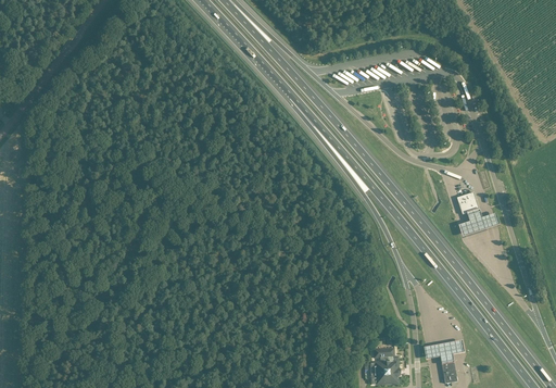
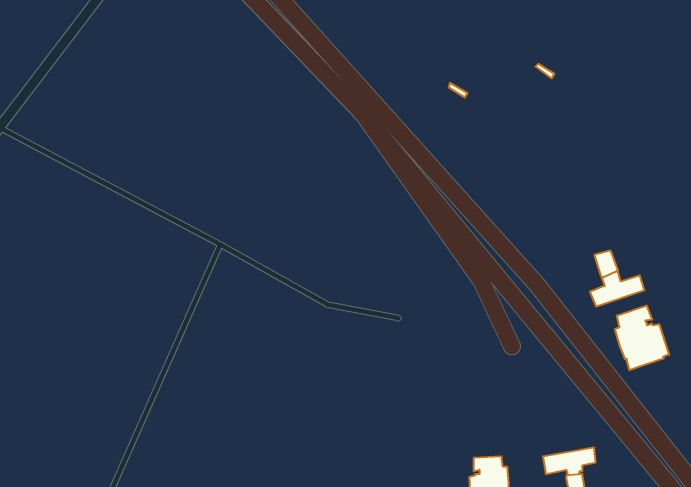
building: none -> [615,306,669,370]

